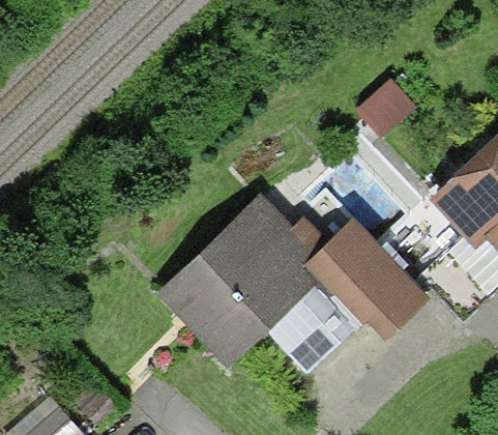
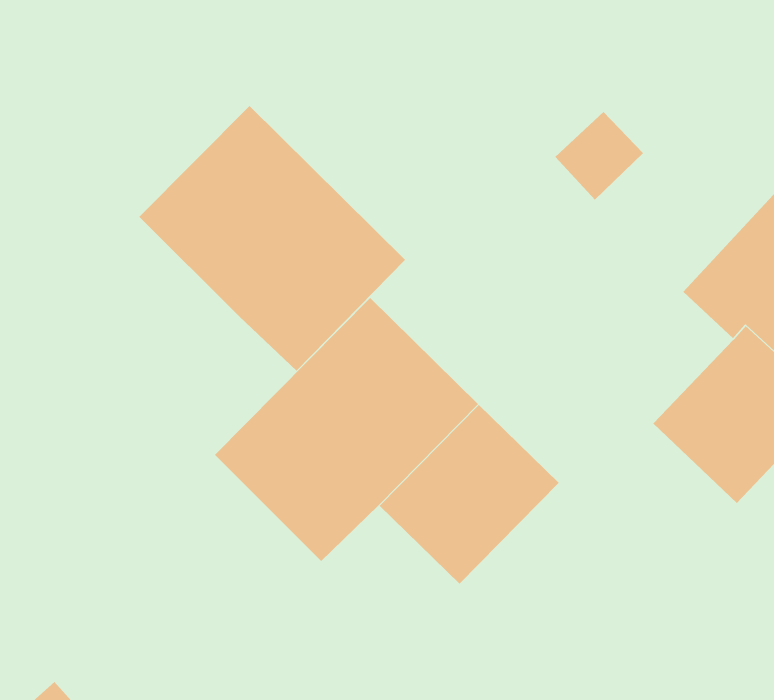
building: none -> [138,105,406,371]
building: [322,225,421,324] -> none

